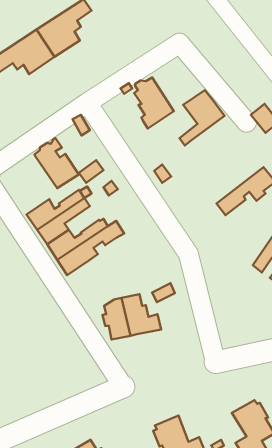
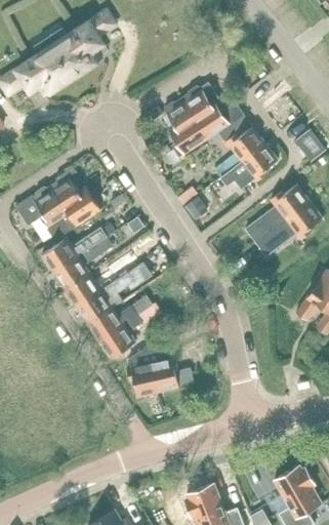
building: none -> [182,83,242,138]
building: none -> [219,144,277,191]
building: none -> [245,185,309,243]
building: none -> [15,188,75,240]
building: none -> [86,296,163,359]

